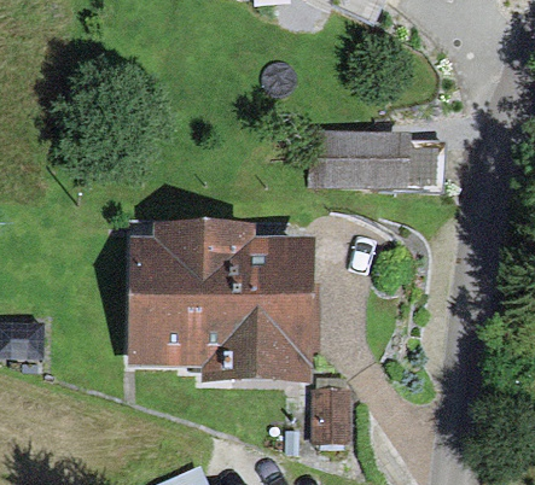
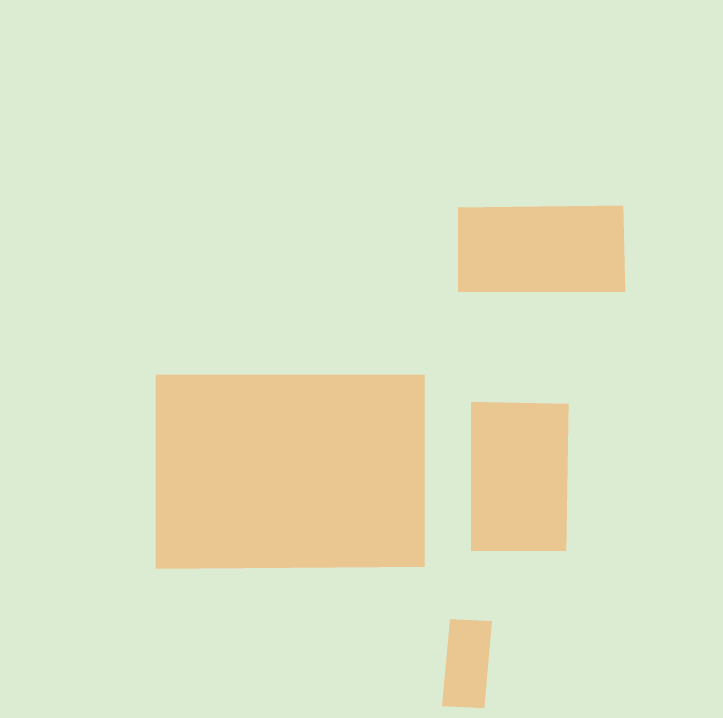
building: none -> [471,401,569,552]

